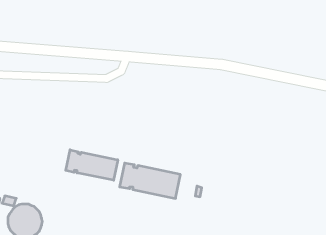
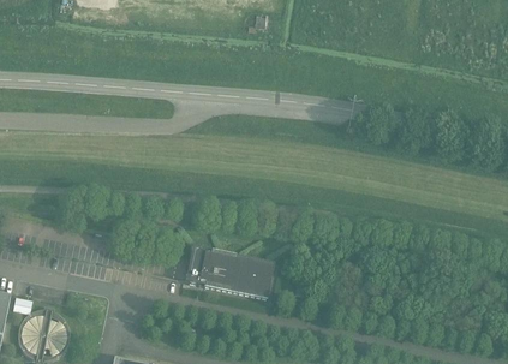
building: [66,150,118,180] -> none

